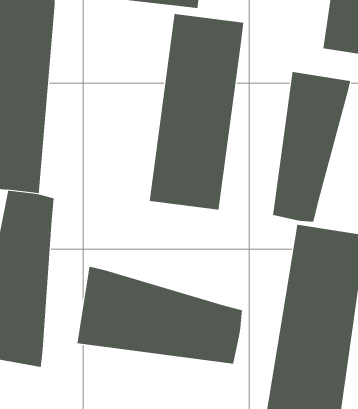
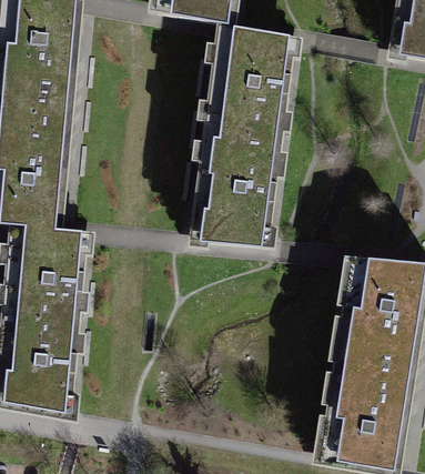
building: [272,71,351,222] -> none
building: [77,266,242,364] -> none

